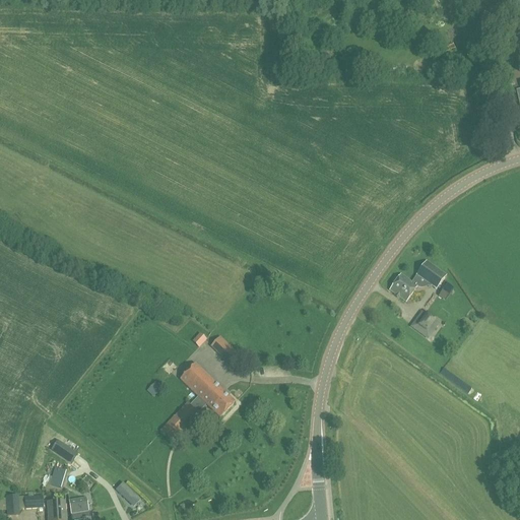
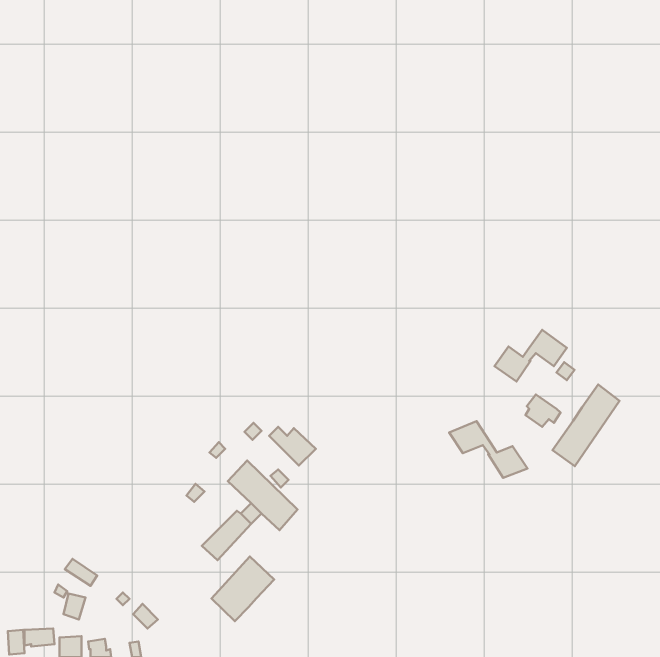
building: none -> [552,384,619,466]
building: none -> [449,421,528,478]
building: none -> [212,556,274,621]

